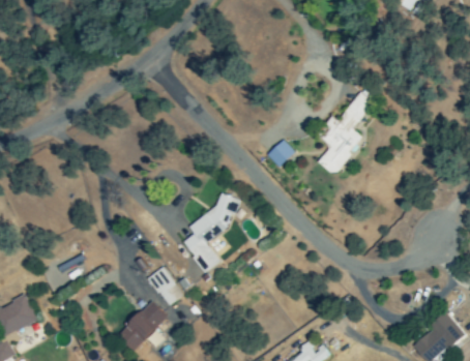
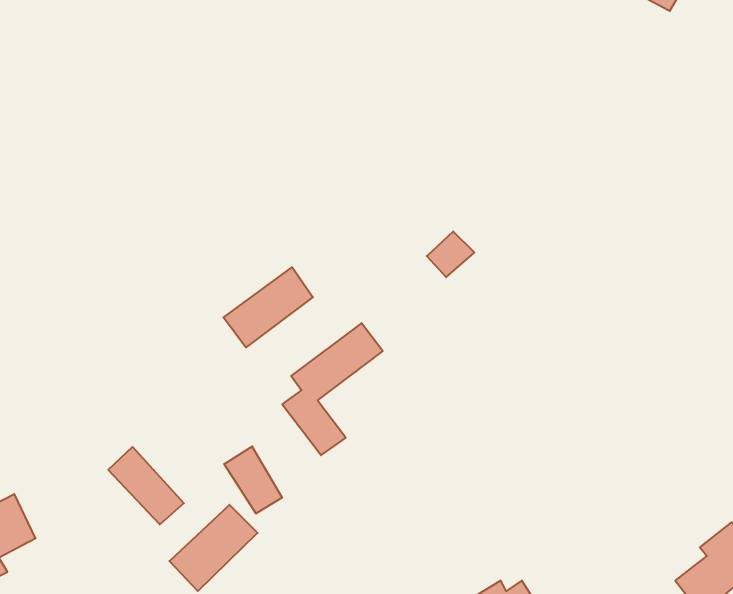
building: [319,91,375,175] -> none
building: none -> [223,267,313,347]
building: none -> [108,447,184,525]

